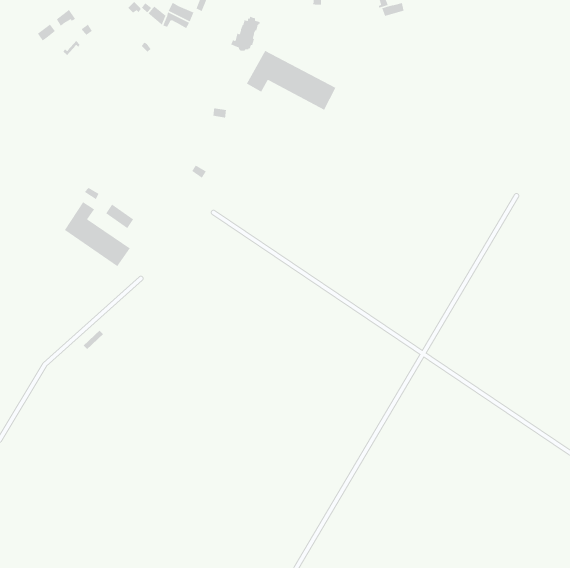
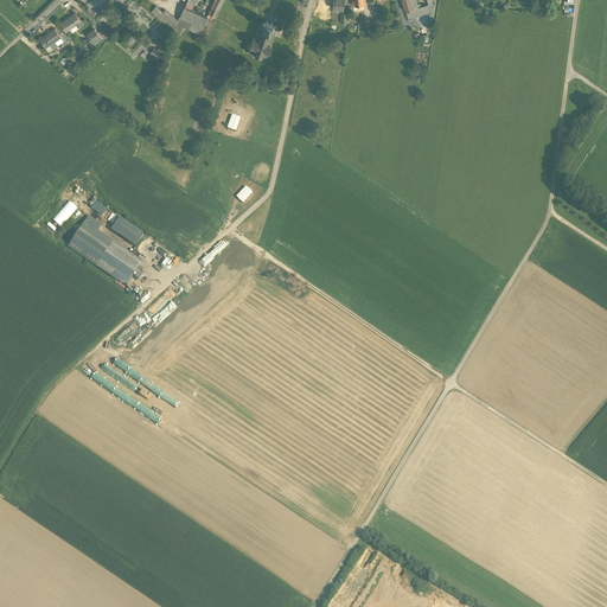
building: [246,50,337,111] -> none

